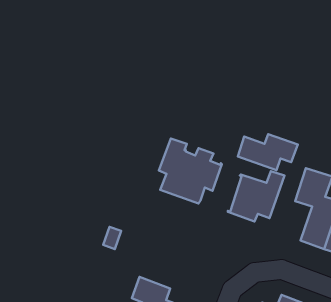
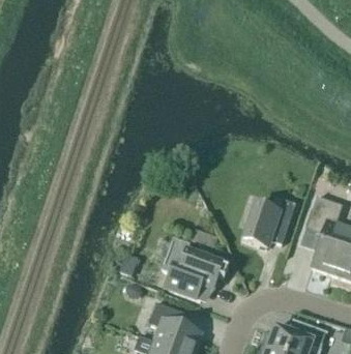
building: [238,134,298,170] -> none
building: [159,139,222,204] -> [162,237,223,300]

